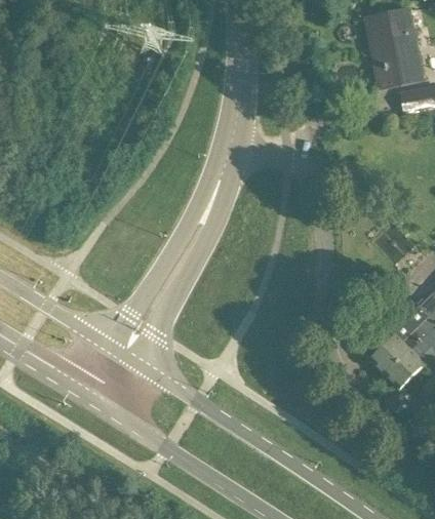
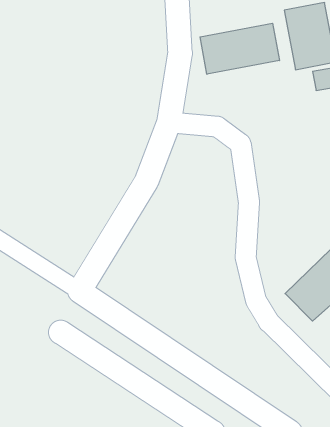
building: none -> [200,23,279,74]

